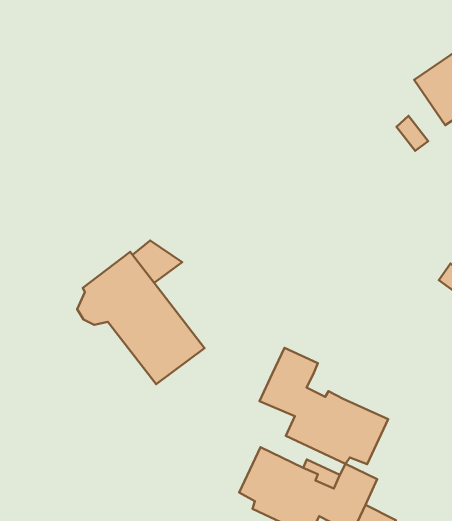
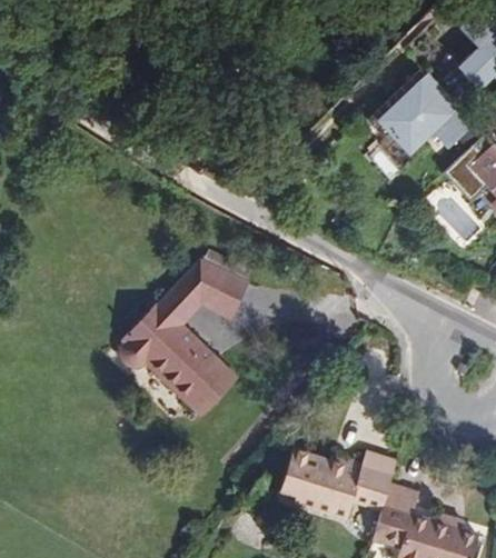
building: none -> [173,261,241,313]
building: [260,348,388,464] -> none

